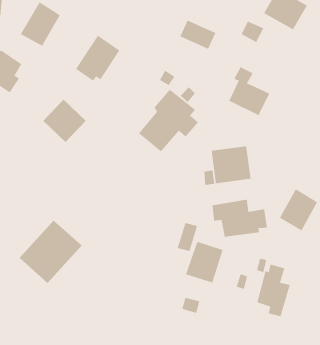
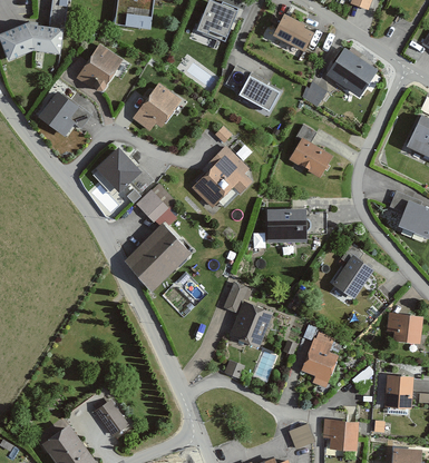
building: none -> [136,184,175,223]
building: [212,199,267,238] -> none
building: [19,220,82,284] -> [123,225,189,290]

